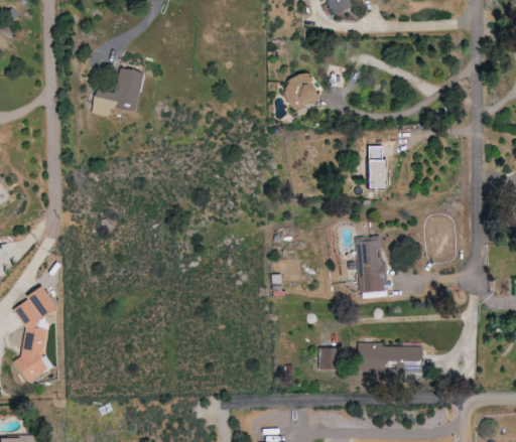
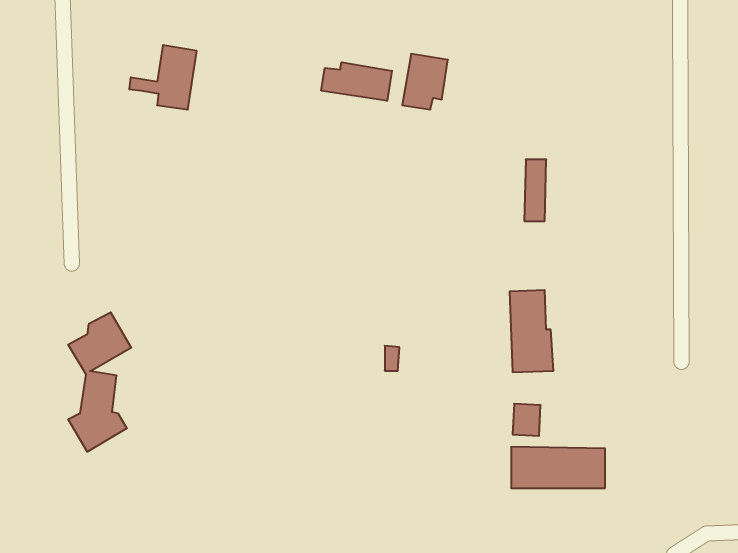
building: none -> [321,62,392,101]
building: [13,286,56,382] -> [68,312,131,452]
building: [319,346,339,369] -> [513,404,541,436]

